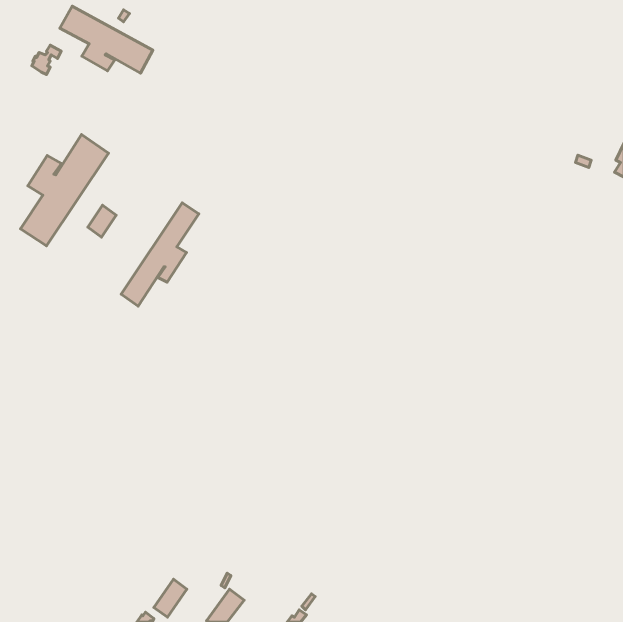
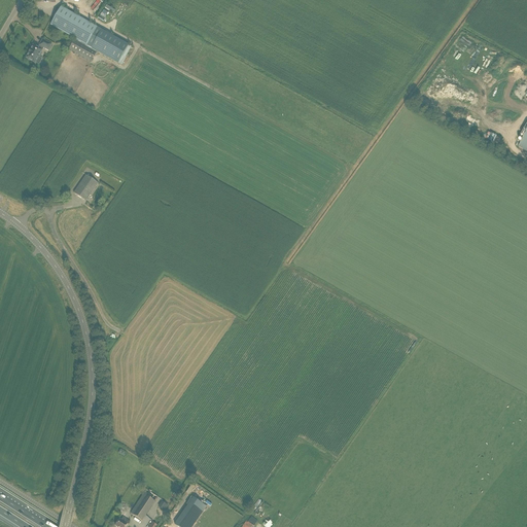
building: [20,135,108,246] -> none
building: [121,203,199,306] -> none

